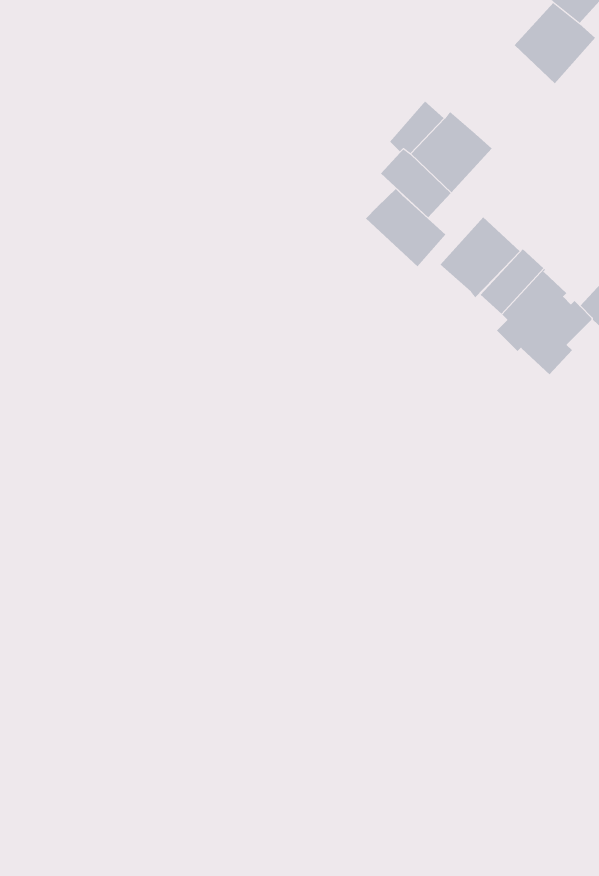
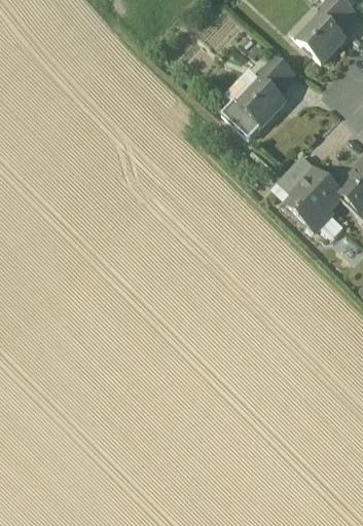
building: none -> [257,53,294,89]
building: [365,188,446,267] -> none
building: [439,216,520,298] -> none

